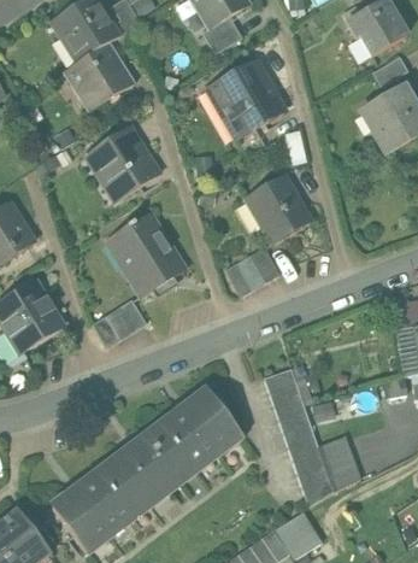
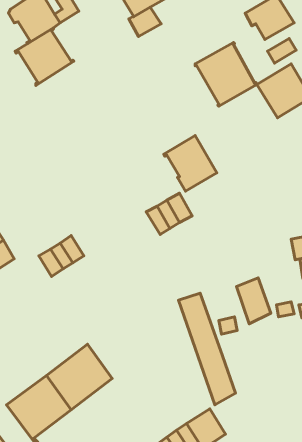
building: [208,59,284,137] -> [195,42,257,106]
building: [84,124,161,201] -> none
building: [105,210,188,297] -> none
building: [152,389,242,473] -> none
building: [318,434,360,491] -> [237,278,271,324]

